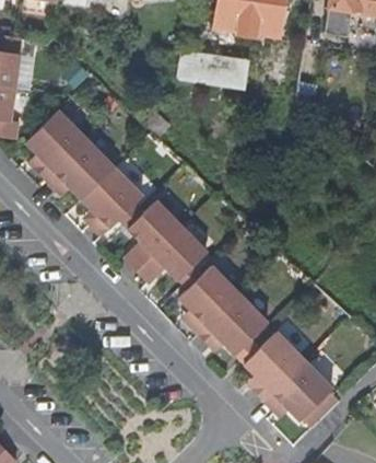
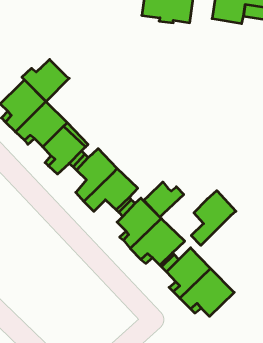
building: [176,49,247,89] -> none
building: none -> [22,59,69,101]
building: none -> [144,182,184,217]
building: none -> [191,191,236,245]

